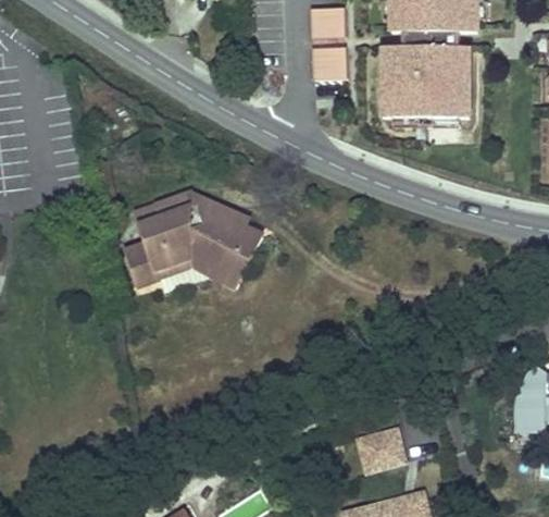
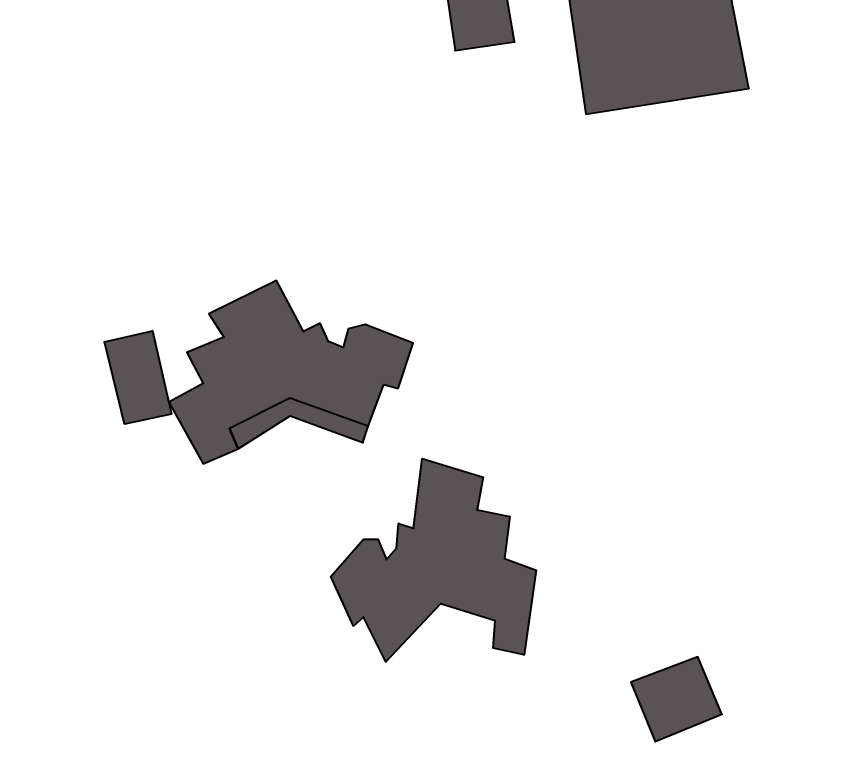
building: none -> [104,331,171,424]
building: none -> [331,459,536,662]

